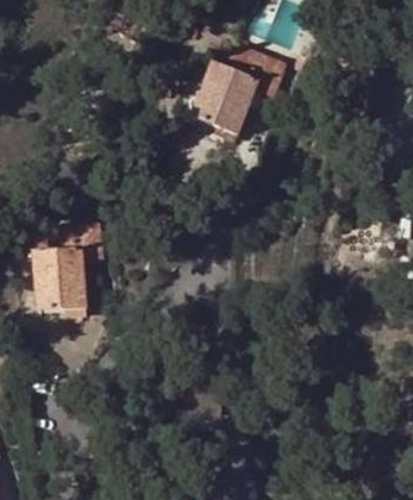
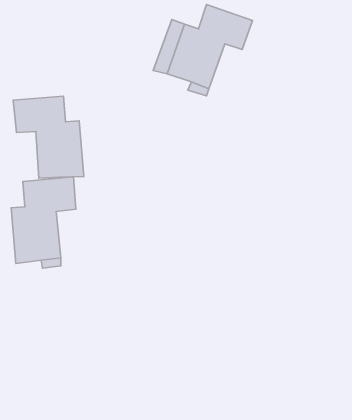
building: none -> [13,96,84,178]

